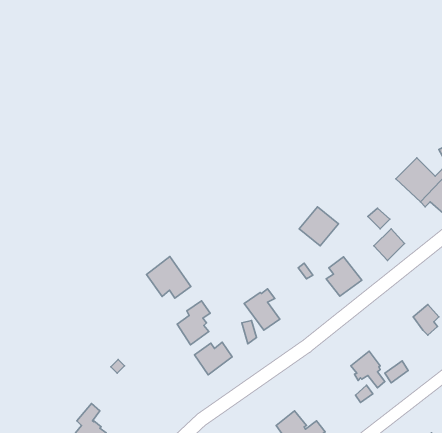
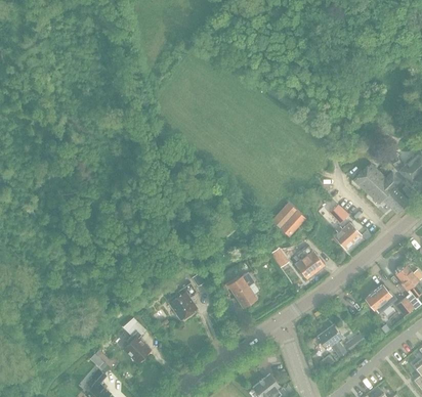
building: [147,256,191,298] -> none
building: [195,342,232,375] -> none
building: none -> [124,321,151,362]

